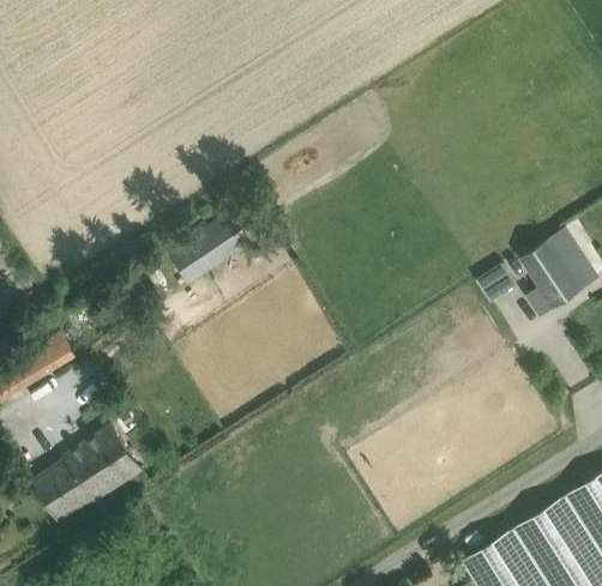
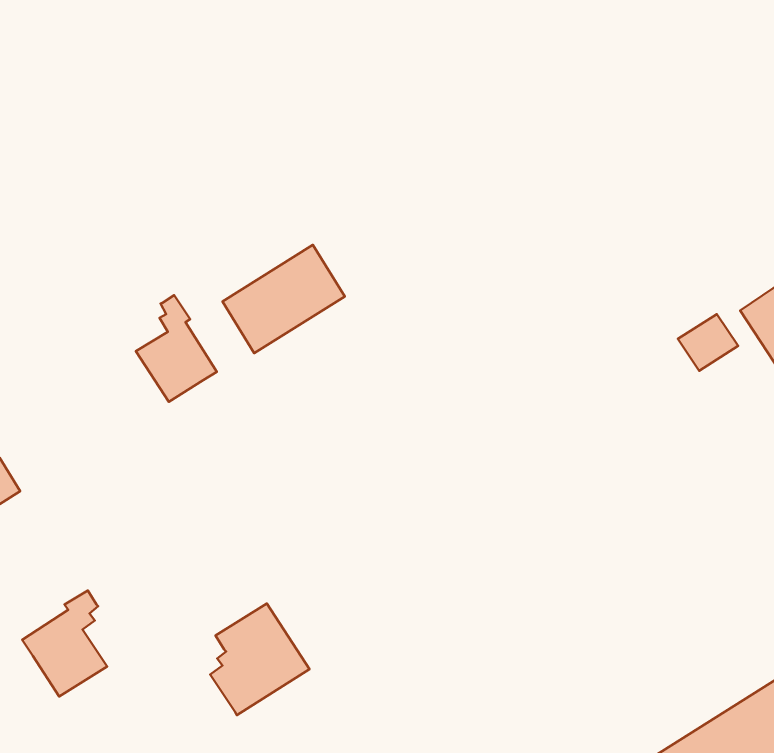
building: none -> [136,295,217,402]
building: [32,332,74,373] -> none
building: [74,427,142,502] -> [210,604,309,715]

